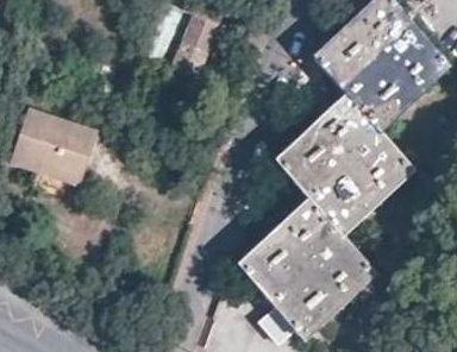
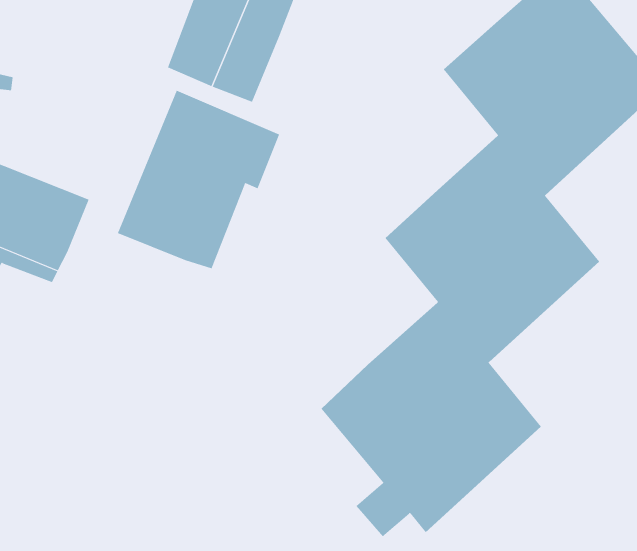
building: none -> [117,90,280,269]

